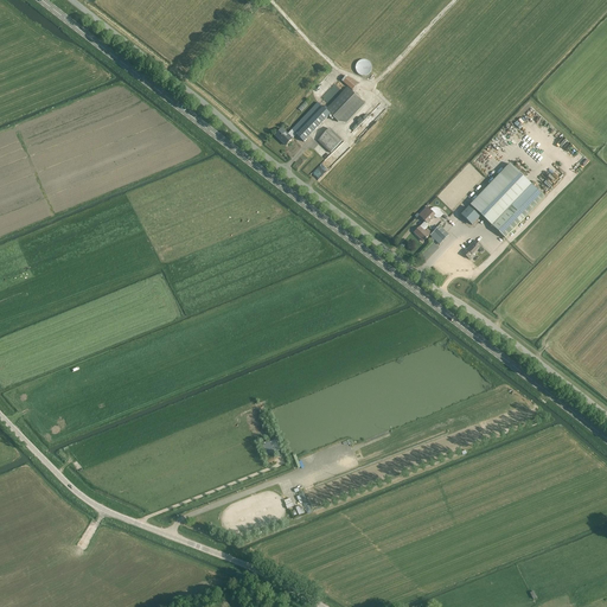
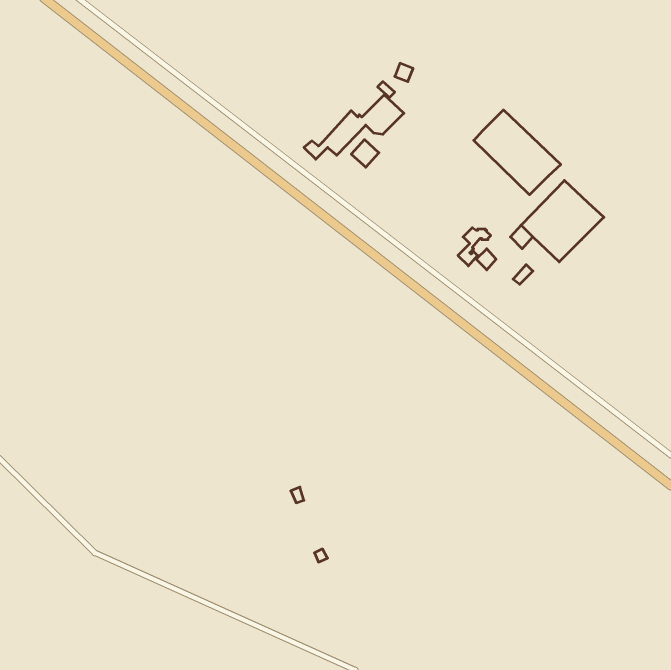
building: none -> [474,110,561,195]

